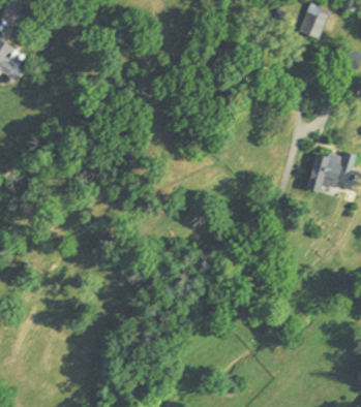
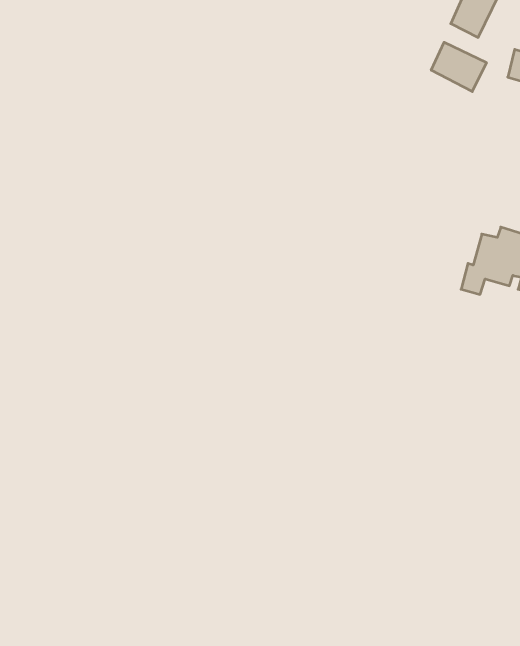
building: none -> [431,42,486,92]

